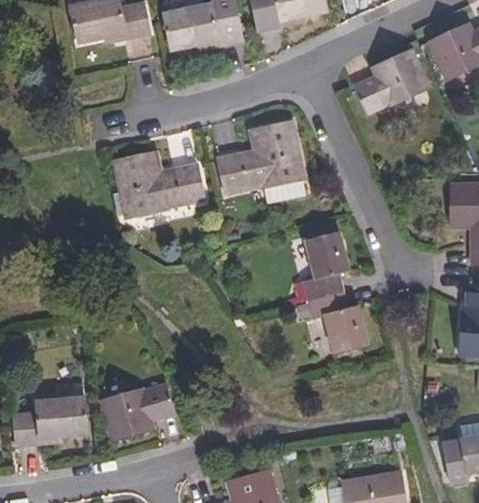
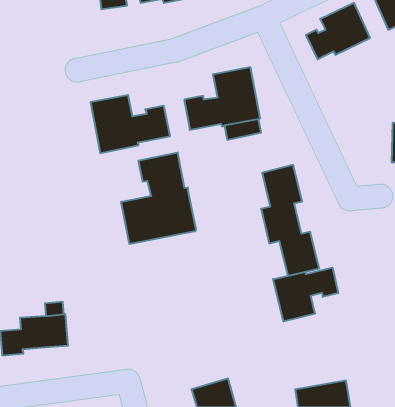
building: none -> [121,152,196,244]
building: none -> [273,268,338,321]
building: [100,385,172,439] -> none

